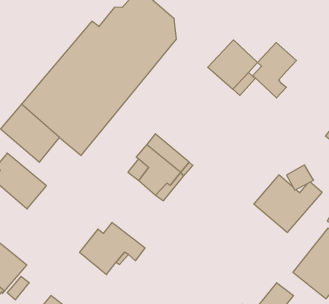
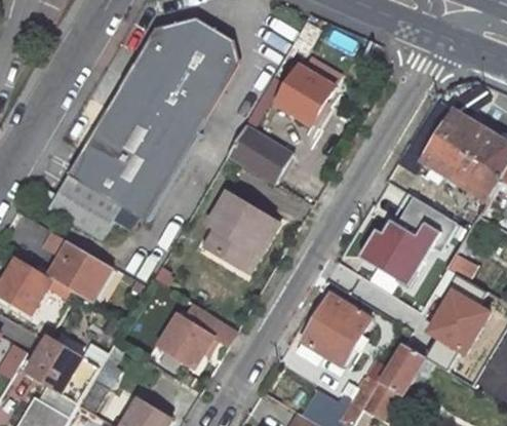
building: [253,43,296,98] -> none
building: none -> [233,127,296,182]
building: none -> [294,296,369,365]

